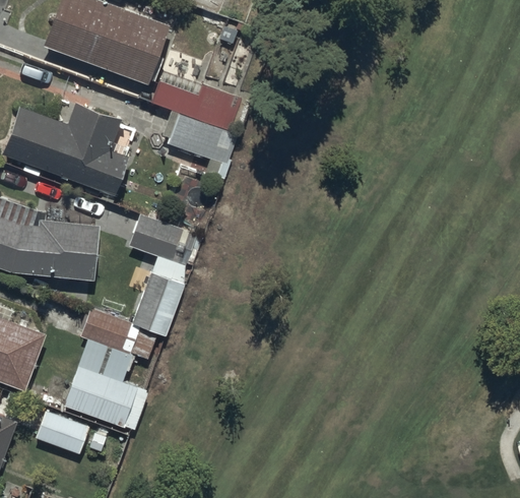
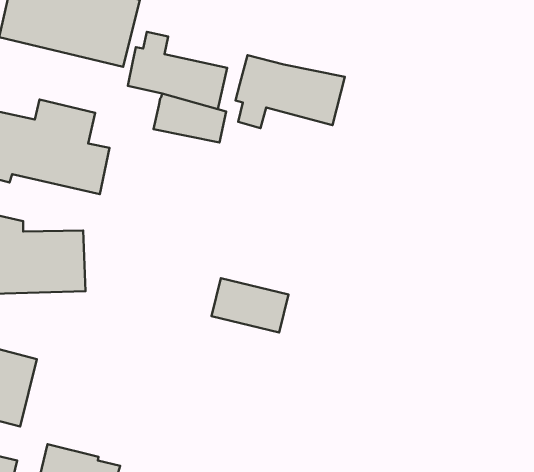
building: none -> [235,55,345,128]
building: [127,213,197,267] -> [211,278,289,333]
building: [65,272,184,430] -> none

